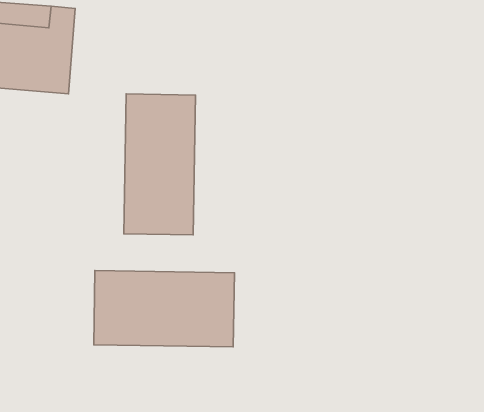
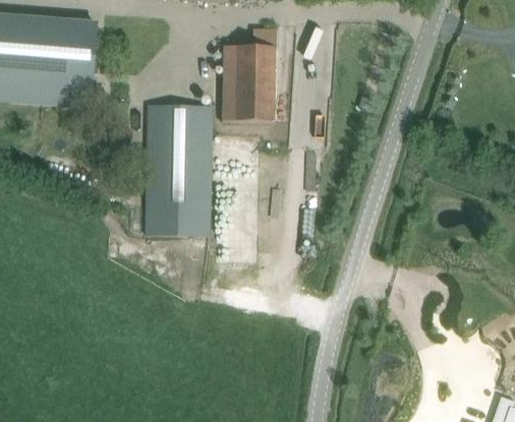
building: none -> [220,29,276,121]
building: [94,271,234,347] -> none

